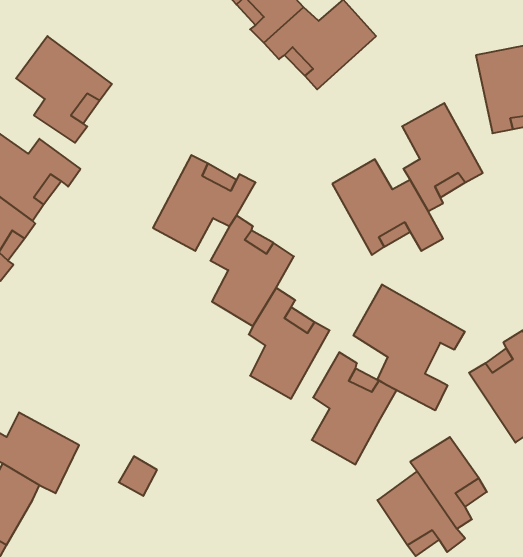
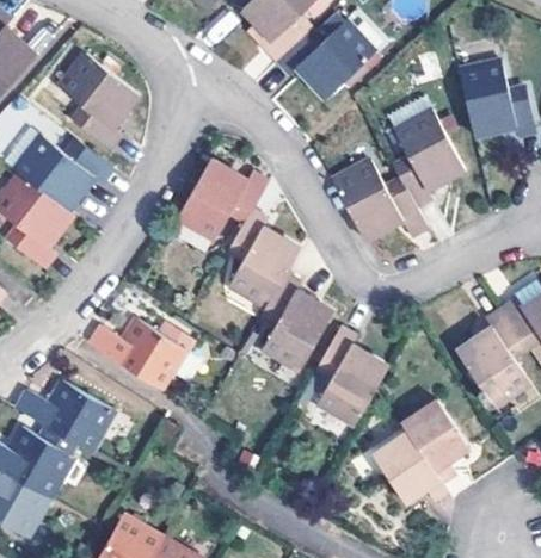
building: [353,284,465,410] -> none
building: none -> [91,318,187,390]

